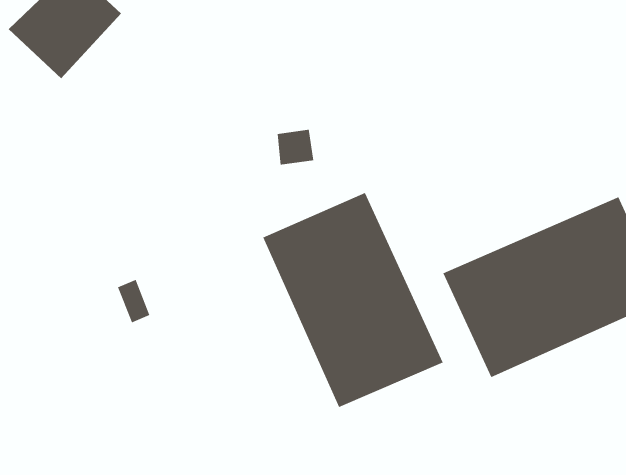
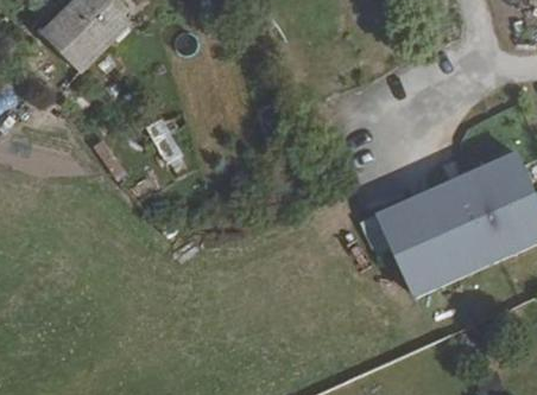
building: [263,192,444,408] -> none

